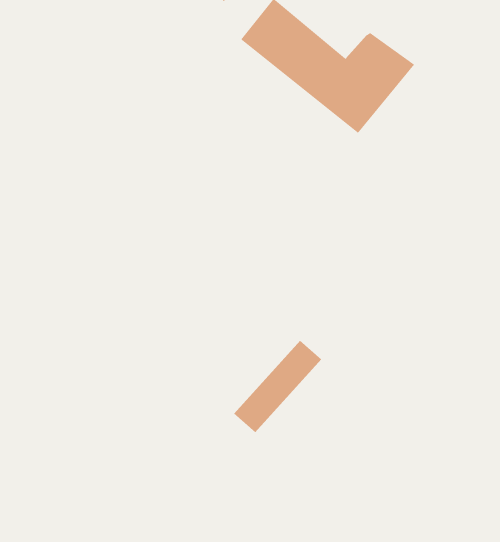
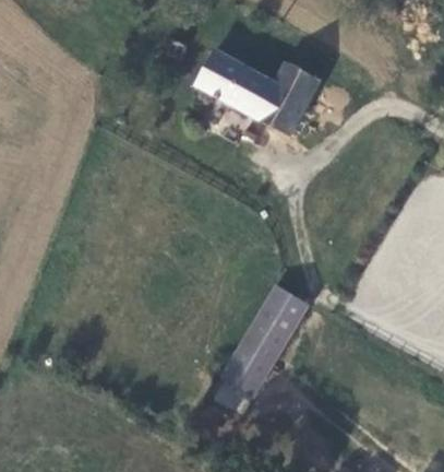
building: none -> [218,297,307,396]

